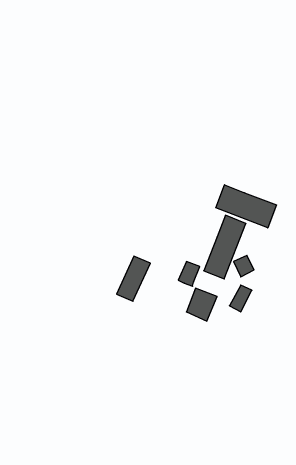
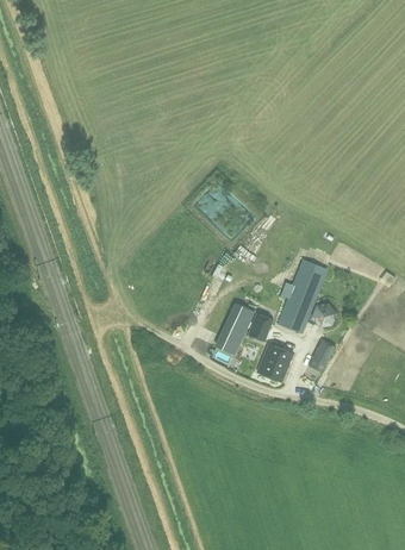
building: [216,185,276,228] -> none
building: [117,256,150,301] -> [214,301,254,354]

